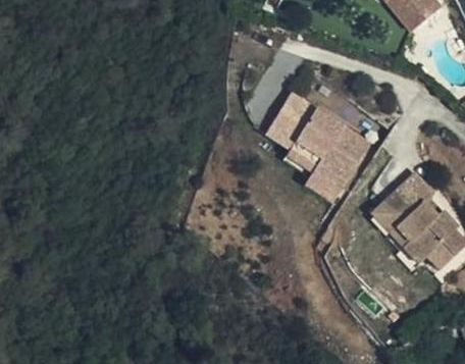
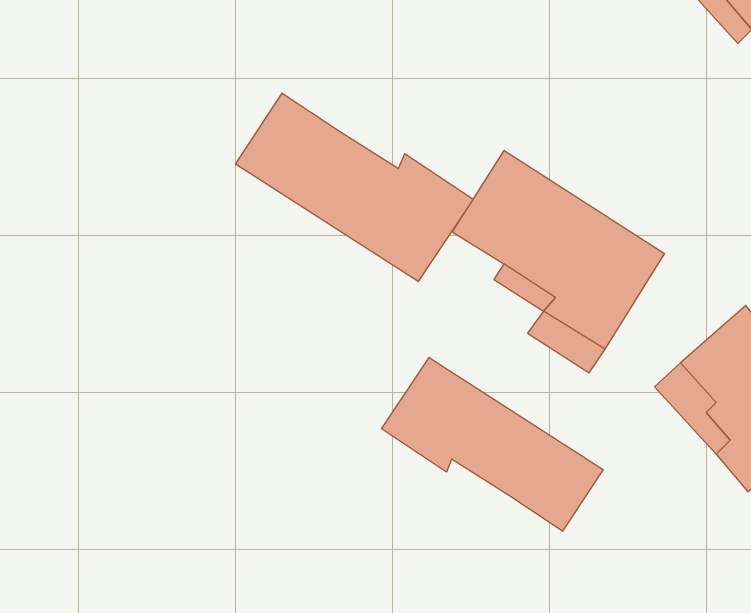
building: none -> [236,93,473,282]
building: none -> [381,357,603,531]

